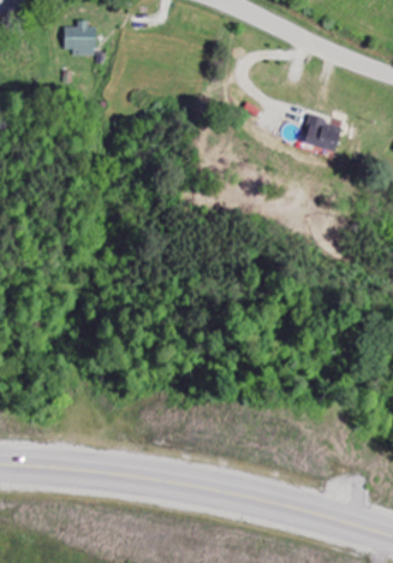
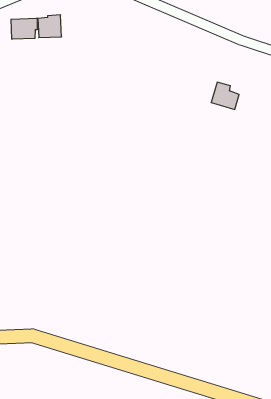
building: none -> [11,18,37,39]

